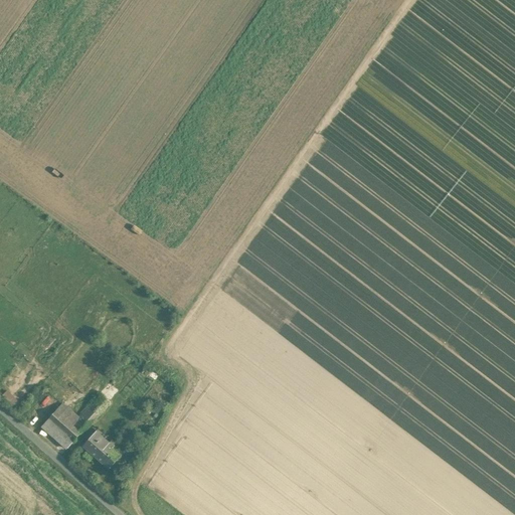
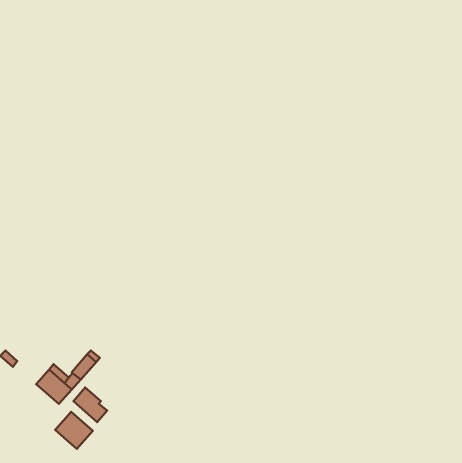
building: none -> [55,412,93,449]

